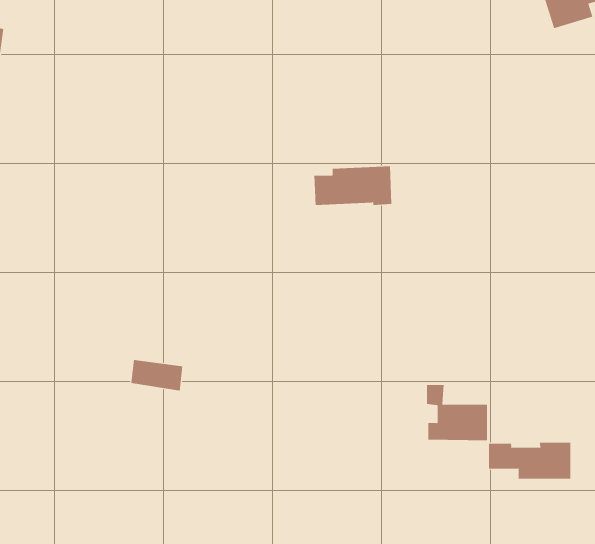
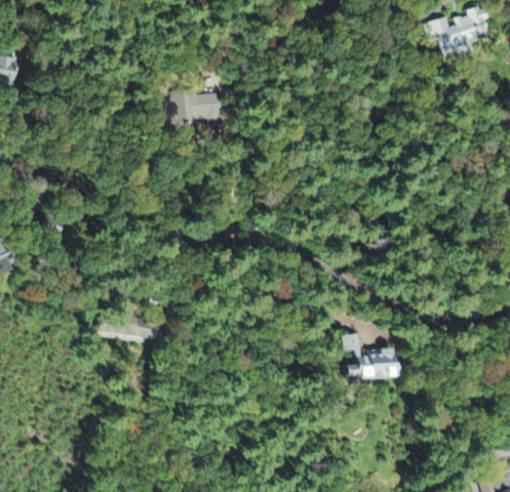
building: [313,166,392,205] -> [162,92,224,123]
building: [488,442,571,480] -> none

